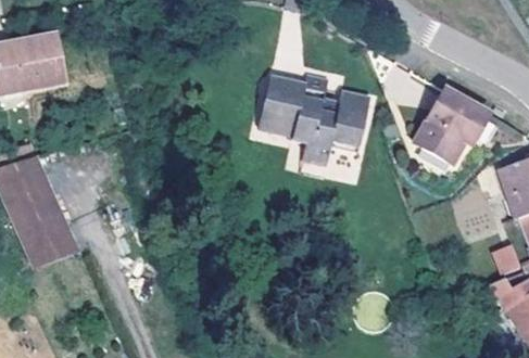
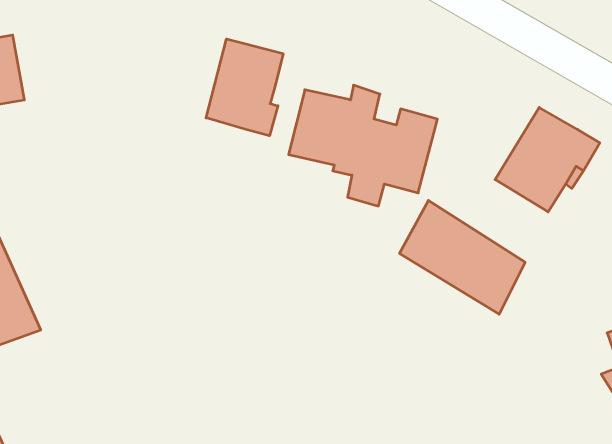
building: none -> [206,39,283,136]
building: none -> [400,200,525,314]

